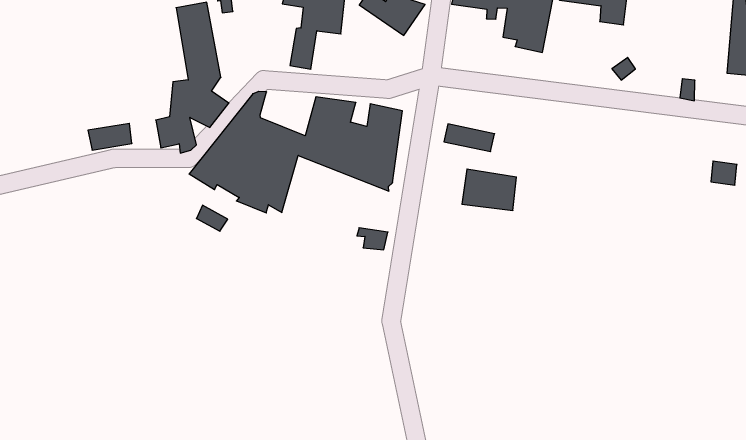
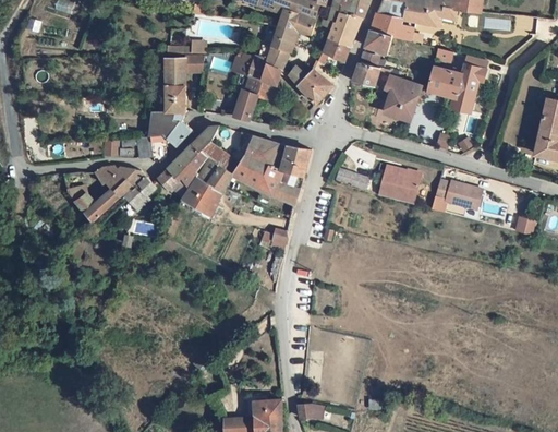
building: none -> [436,181,482,206]
building: none -> [64,166,155,223]
building: [462,169,516,210] -> [381,167,422,200]

